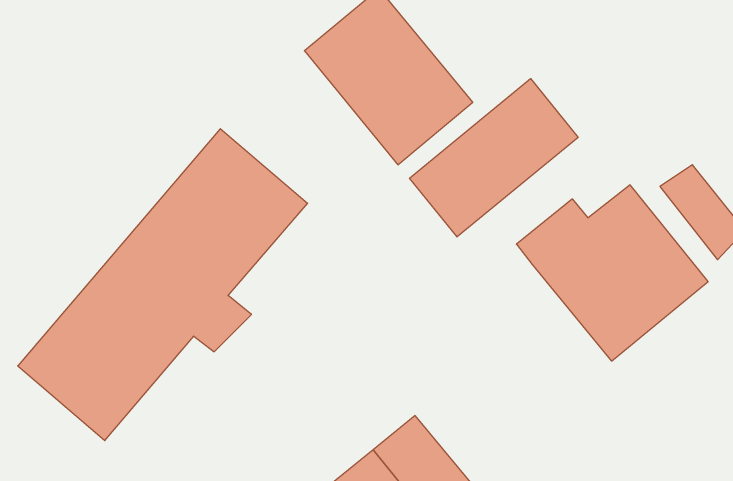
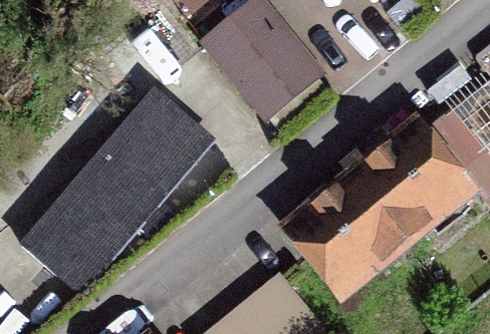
building: [410,79,578,237] -> none
building: none -> [290,182,405,295]

